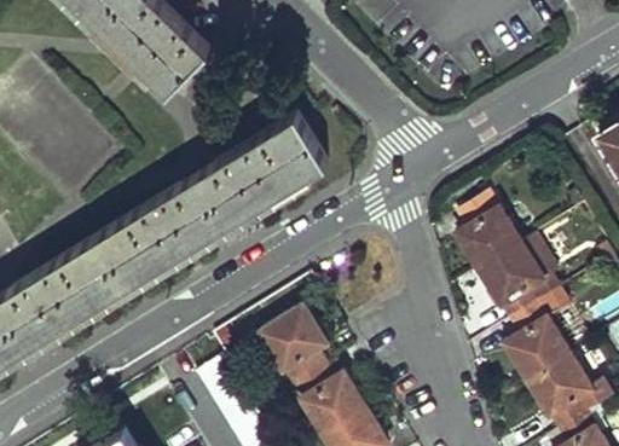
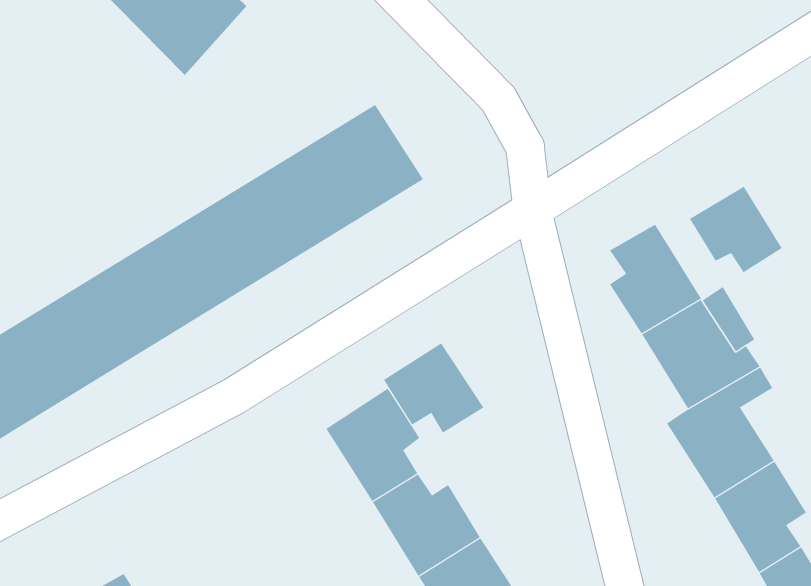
building: none -> [689,186,782,273]
building: none -> [383,343,484,434]

